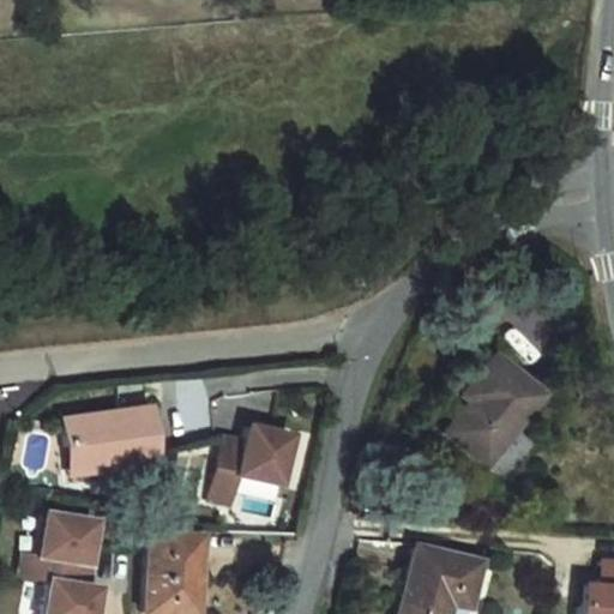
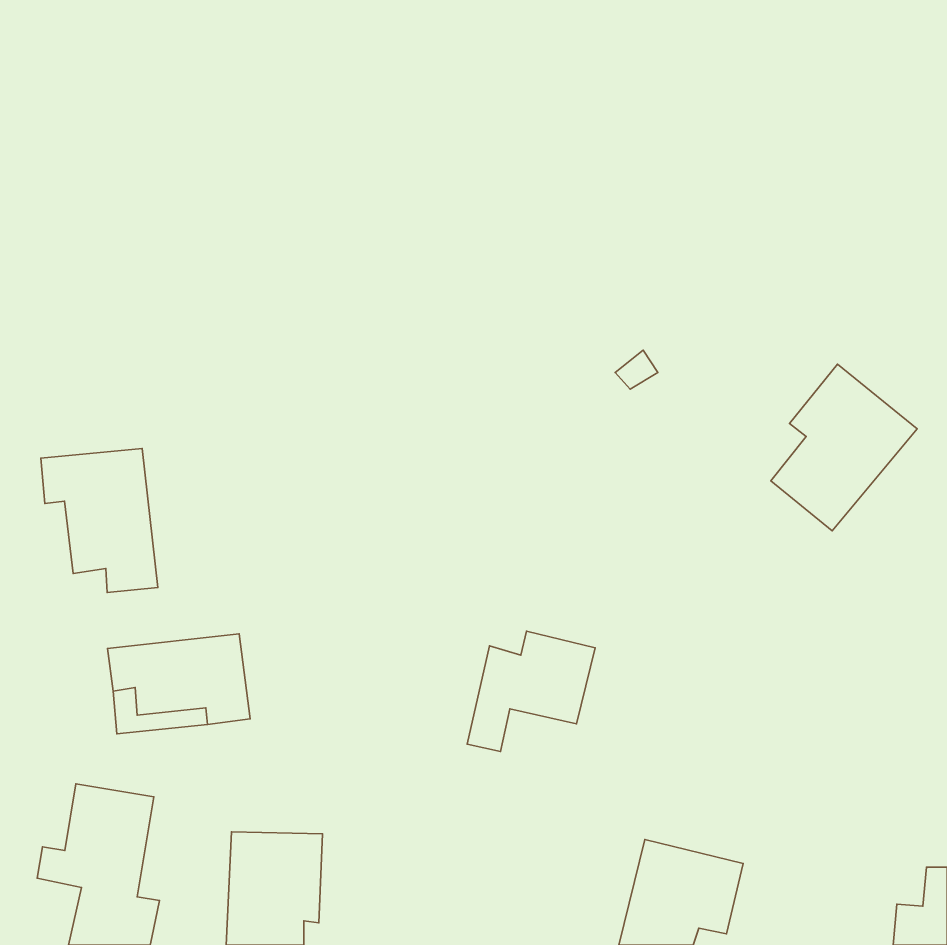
building: none -> [41,448,158,592]
building: [455,355,549,463] -> [771,364,917,531]
building: [213,426,296,504] -> [467,631,595,752]

